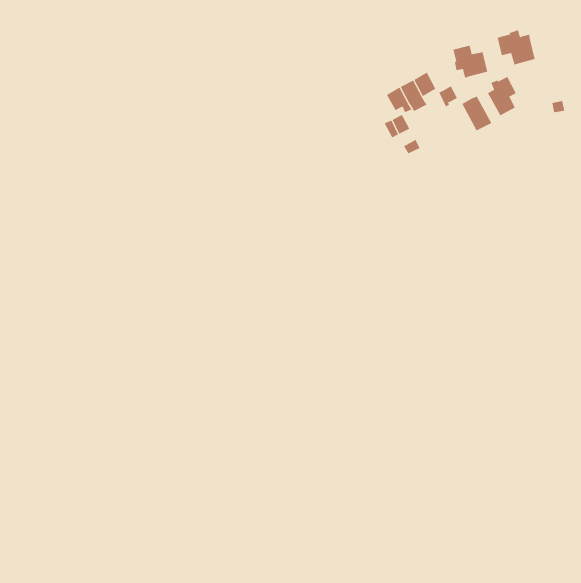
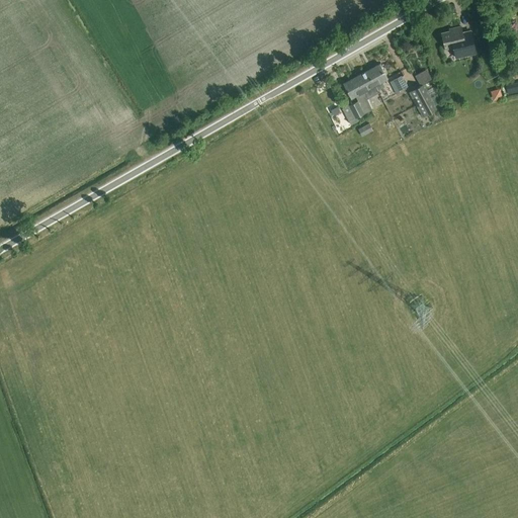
building: [453,45,488,79] -> none
building: [487,76,517,116] -> none

